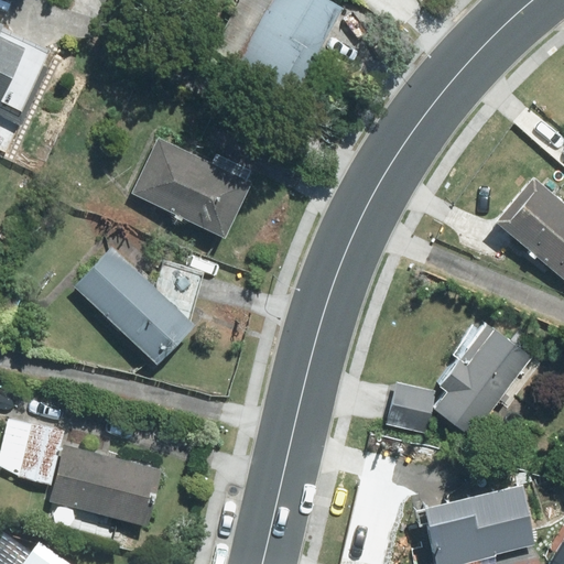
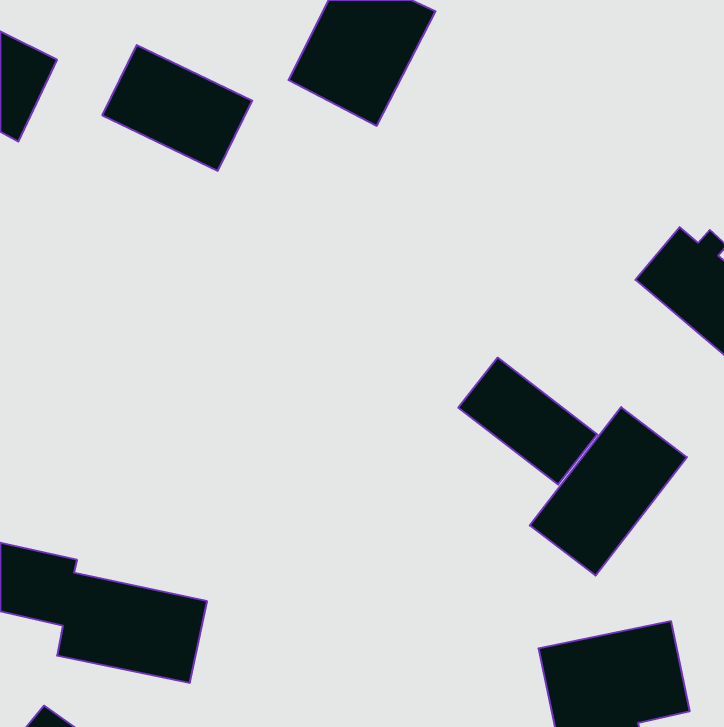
building: [132,141,248,238] -> [102,45,252,171]
building: [70,243,206,367] -> none
building: none -> [458,358,597,485]

